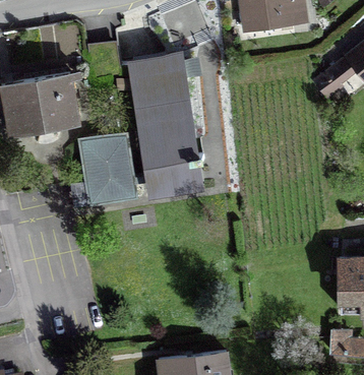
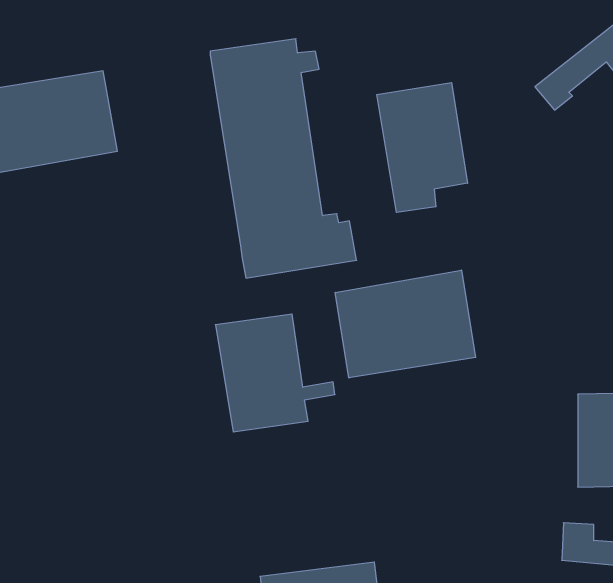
building: none -> [377,83,468,212]
building: [81,133,149,200] -> [215,314,335,432]
building: none -> [335,270,476,378]

